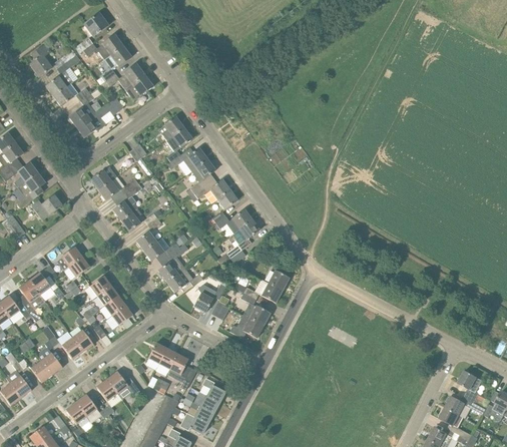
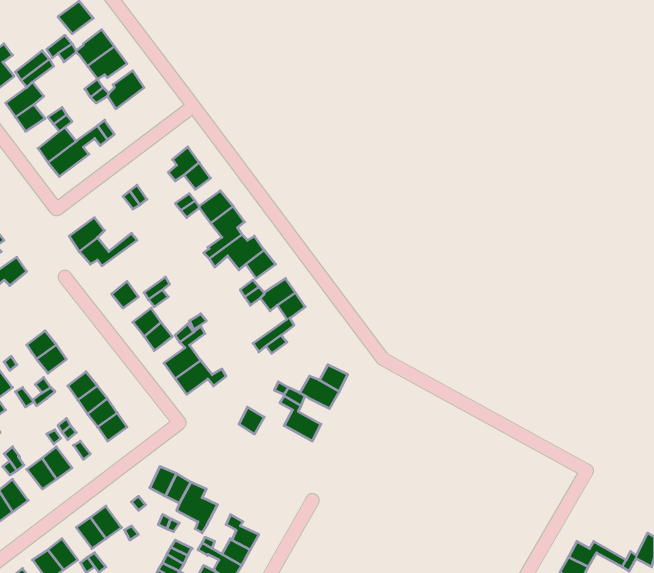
building: [124,74,153,101] -> none
building: [113,182,142,220] -> none
building: [193,284,225,312] -> none
building: [229,314,264,338] -> none
building: [458,371,489,409] -> none

